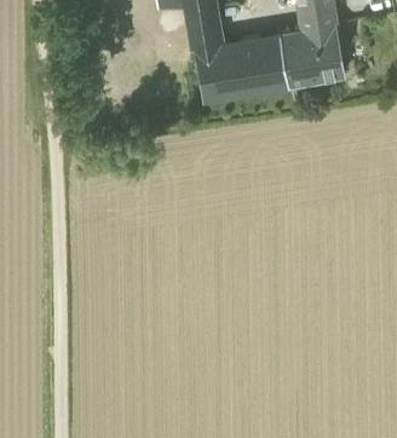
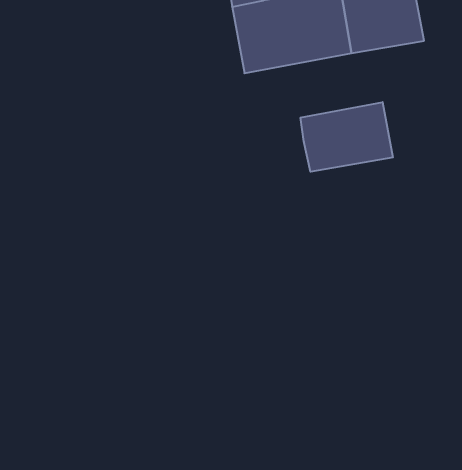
building: none -> [301,102,393,172]

